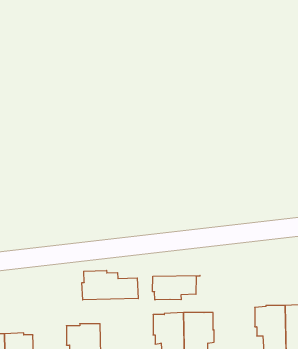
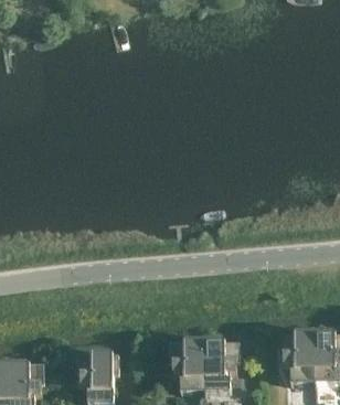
building: [82,270,138,300] -> none
building: [153,275,200,300] -> none

